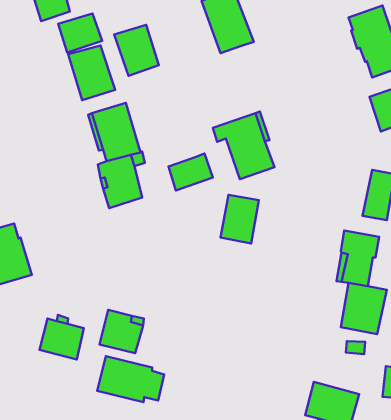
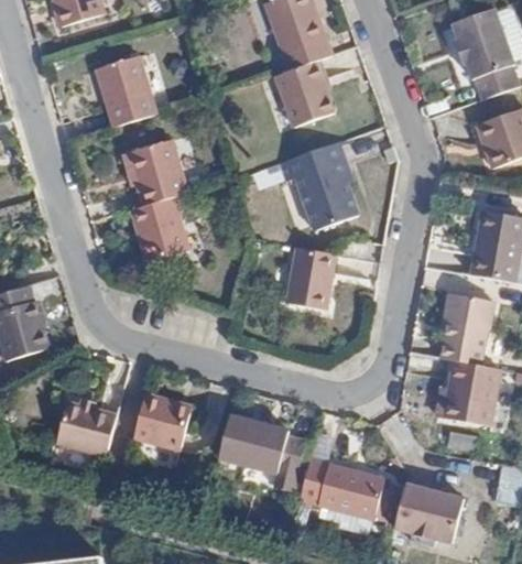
building: [58,14,102,52] -> none
building: [114,25,159,76] -> none
building: none -> [274,59,331,124]
building: [168,154,213,191] -> none
building: [97,356,164,402] -> [220,414,305,473]
building: none -> [300,457,383,516]

